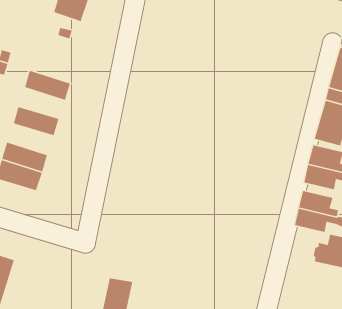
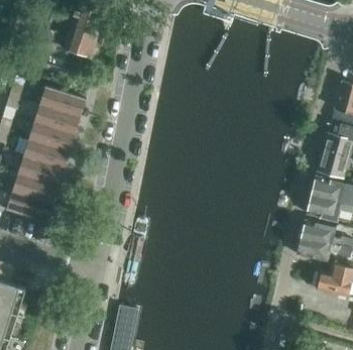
building: none -> [39,86,86,116]
building: none -> [28,120,75,150]
building: none -> [17,155,64,186]

